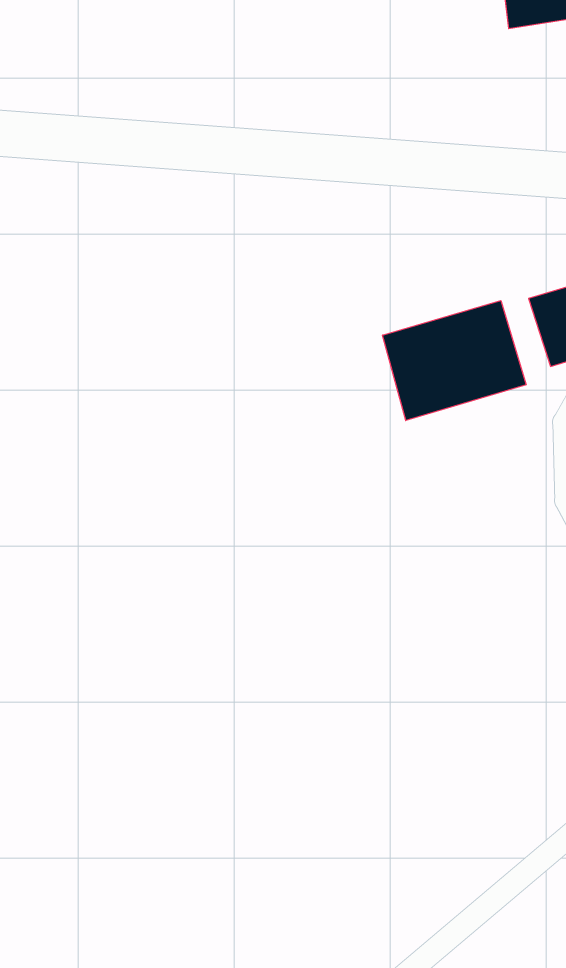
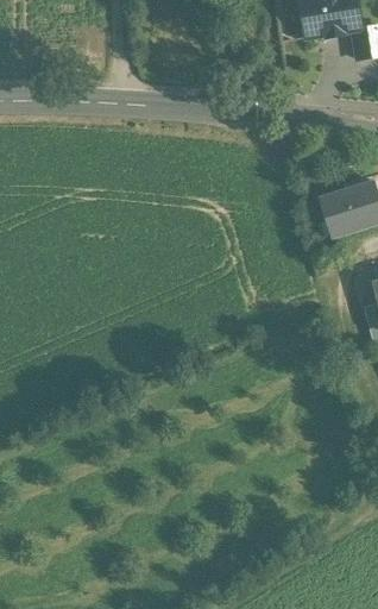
building: [383,301,526,421] -> none

